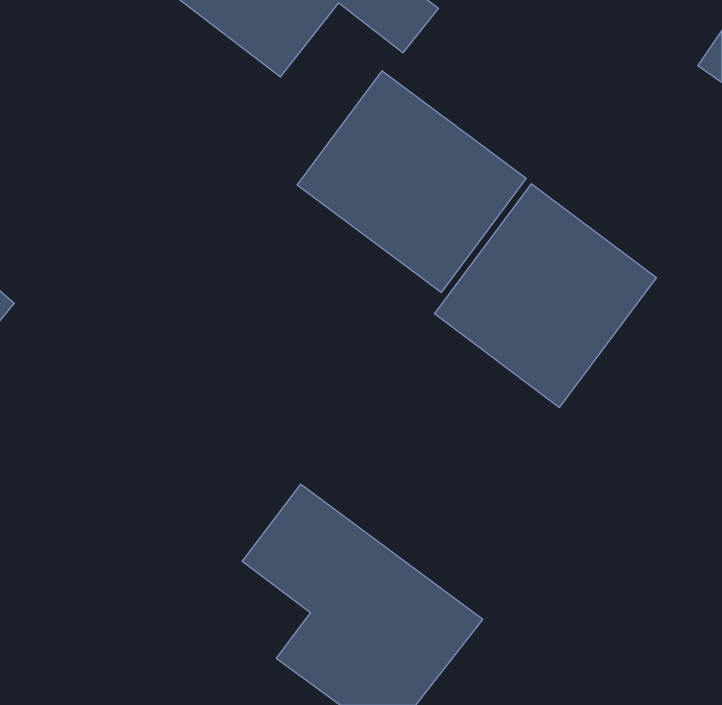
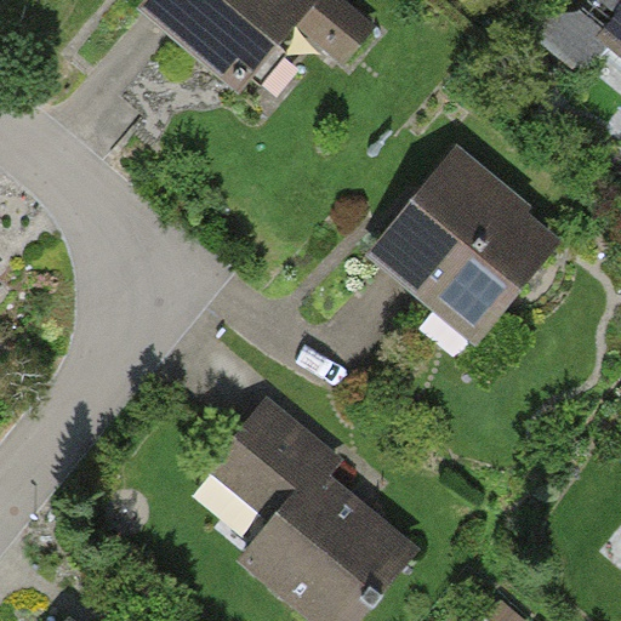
building: [297,71,526,293] -> none

